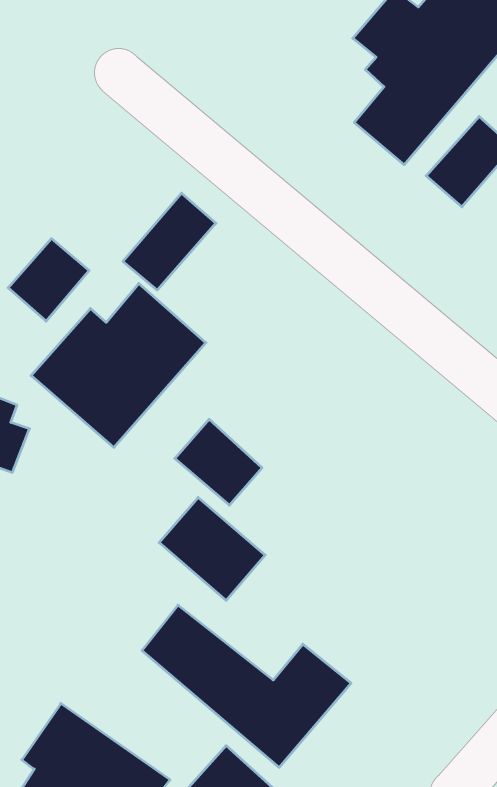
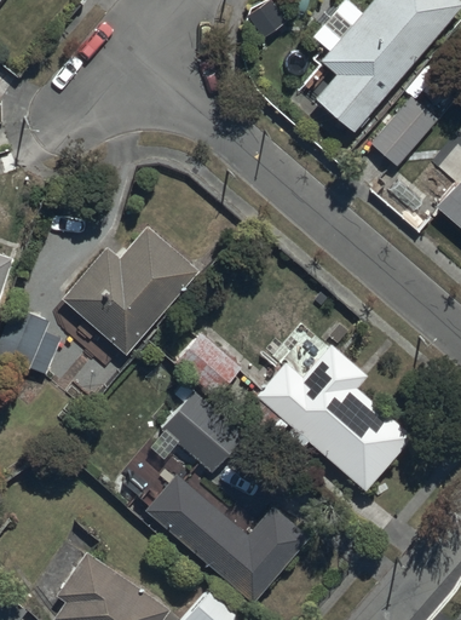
building: [123,193,216,290] -> none
building: [8,239,89,321] -> none
building: none -> [254,344,413,492]

